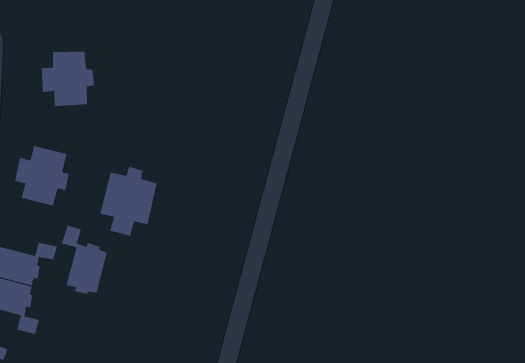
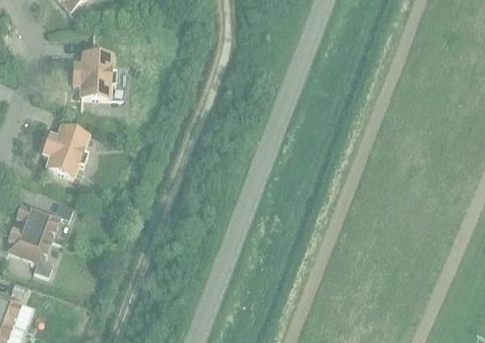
building: [100,166,157,236] -> none
building: [61,225,108,295] -> none

